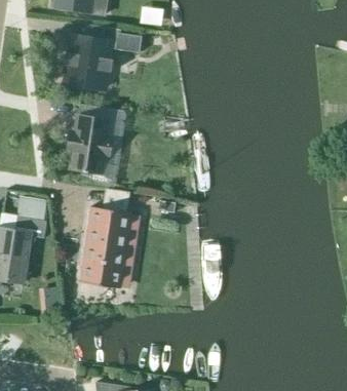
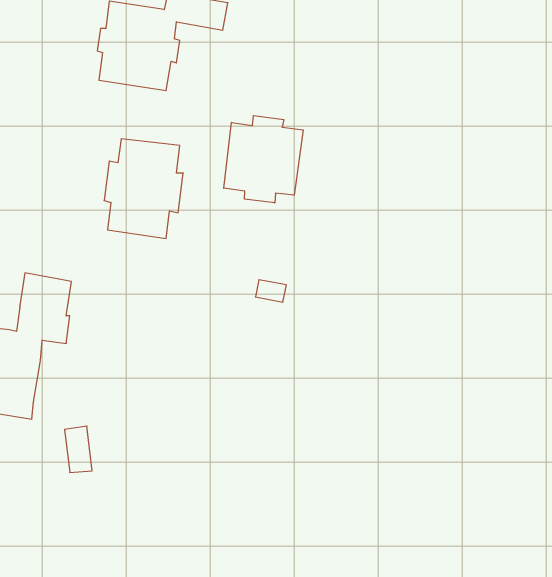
building: none -> [224,116,303,203]
building: [82,207,130,287] -> none

